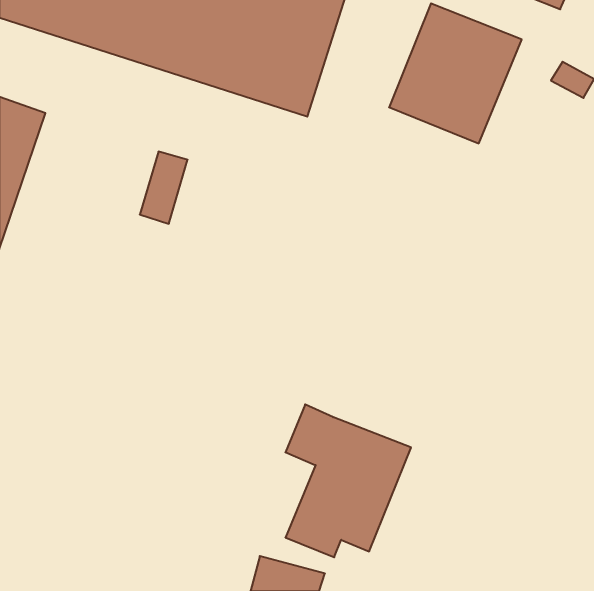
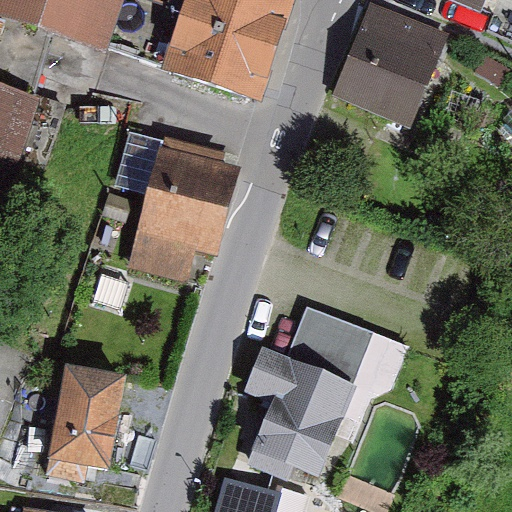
building: none -> [129,149,236,285]
building: none -> [286,305,374,384]
building: none -> [46,363,125,480]

